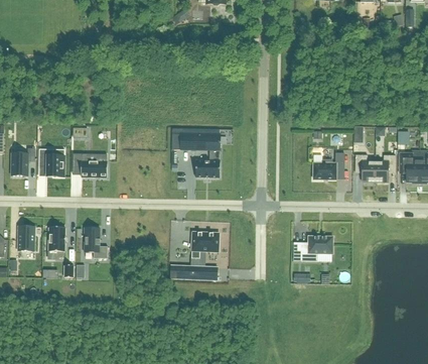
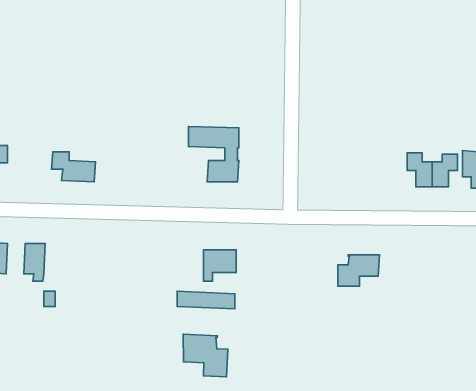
building: [38,148,63,175] -> none
building: [312,152,343,178] -> none
building: [84,227,107,257] -> none
building: none -> [183,334,228,377]

